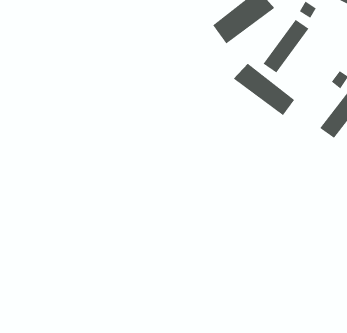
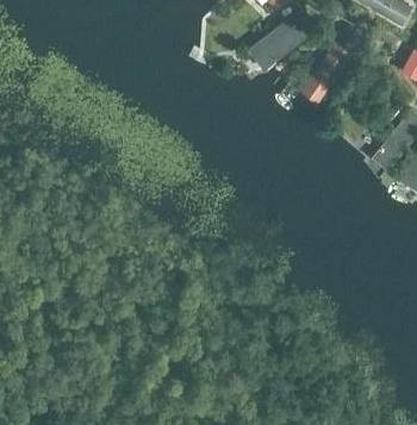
building: [233,63,295,116] -> none

